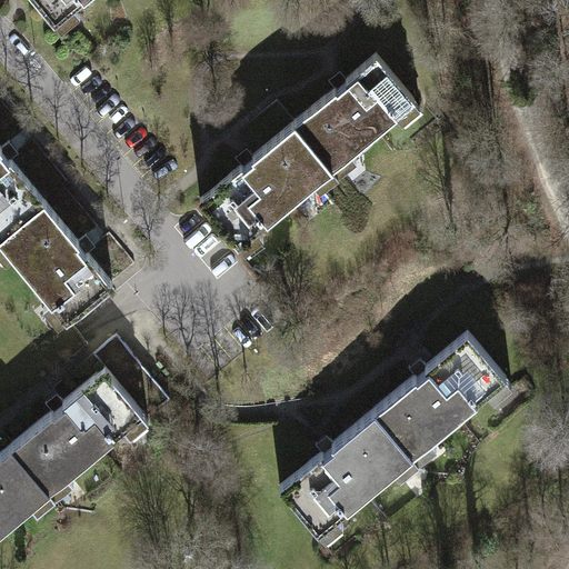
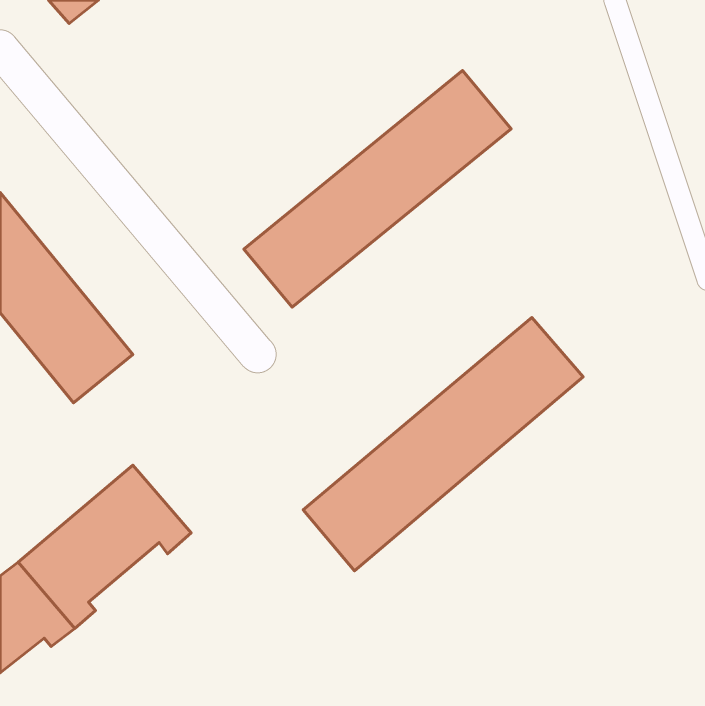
building: [284,333,509,537] -> [303,317,583,571]

